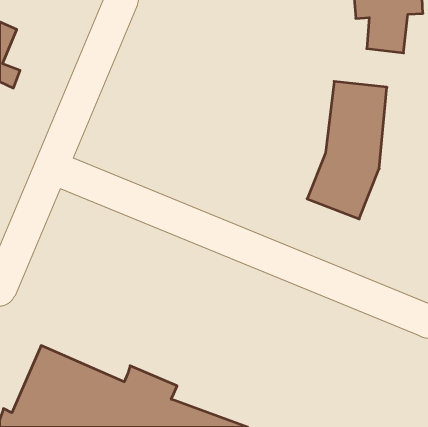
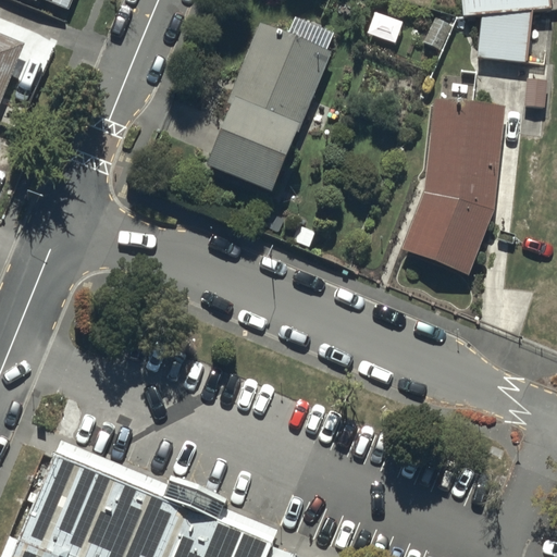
building: none -> [205,21,332,206]

